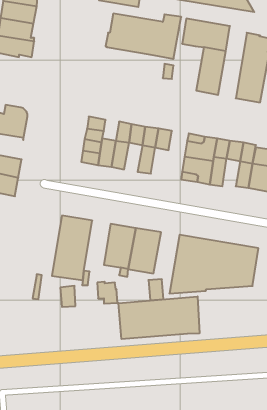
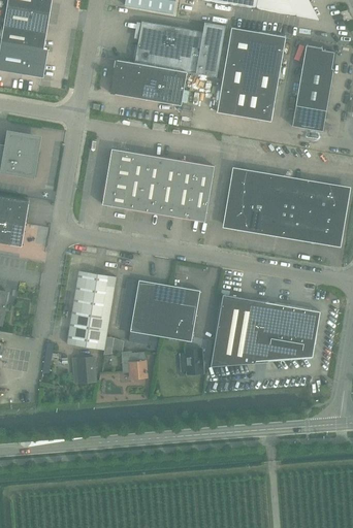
building: none -> [217,59,253,117]
building: none -> [109,60,187,105]
building: none -> [128,153,149,178]
building: none -> [155,180,178,217]
building: none -> [188,187,210,222]
building: none -> [276,200,297,237]
building: [119,296,199,339] -> none

